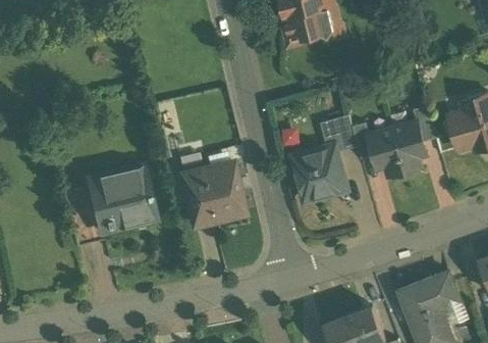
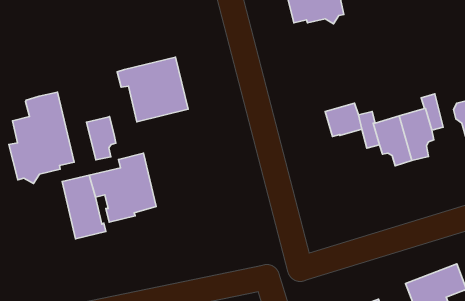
building: none -> [9,92,74,184]
building: none -> [86,116,116,160]
building: [294,146,346,201] -> none
building: [176,163,246,227] -> [117,57,188,122]

